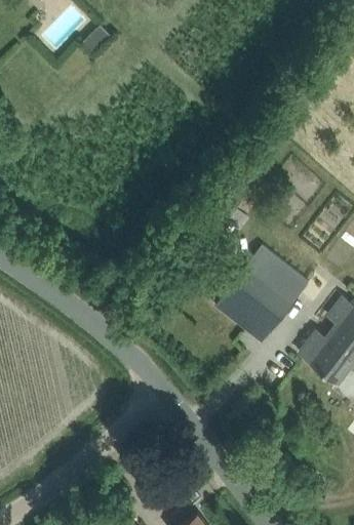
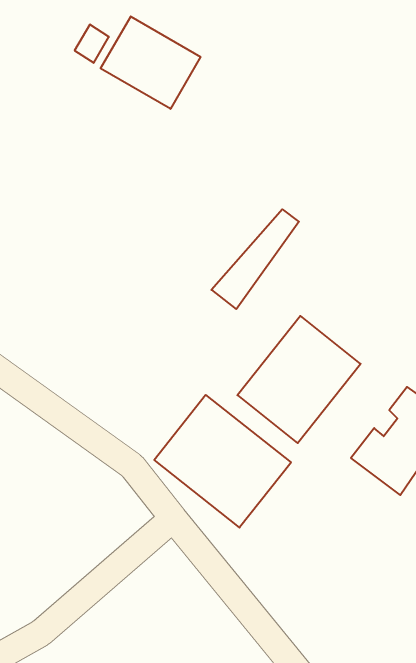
building: none -> [101,16,200,109]
building: none -> [154,395,291,528]

